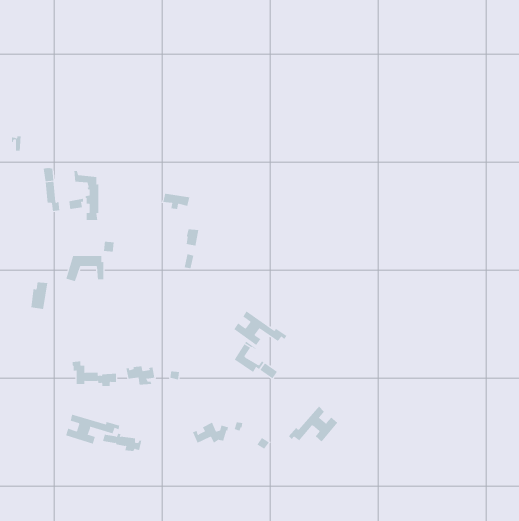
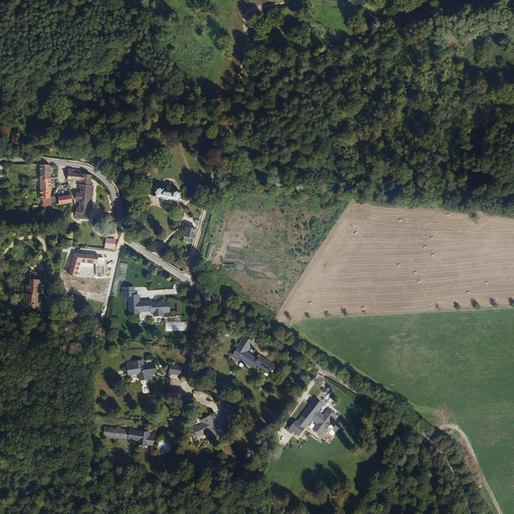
building: [233,310,287,346] -> none
building: [72,361,117,386] -> [121,289,166,314]
building: [65,414,120,444] -> none

